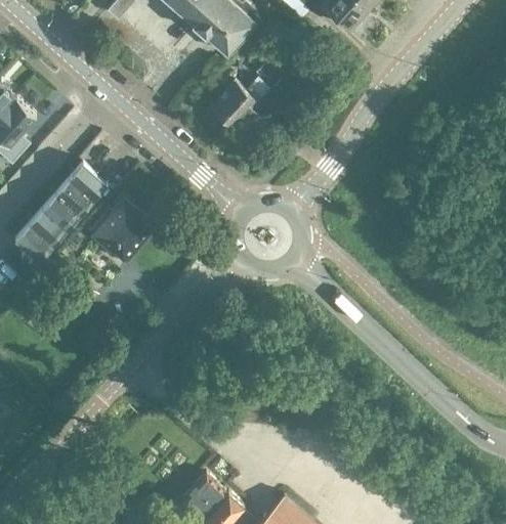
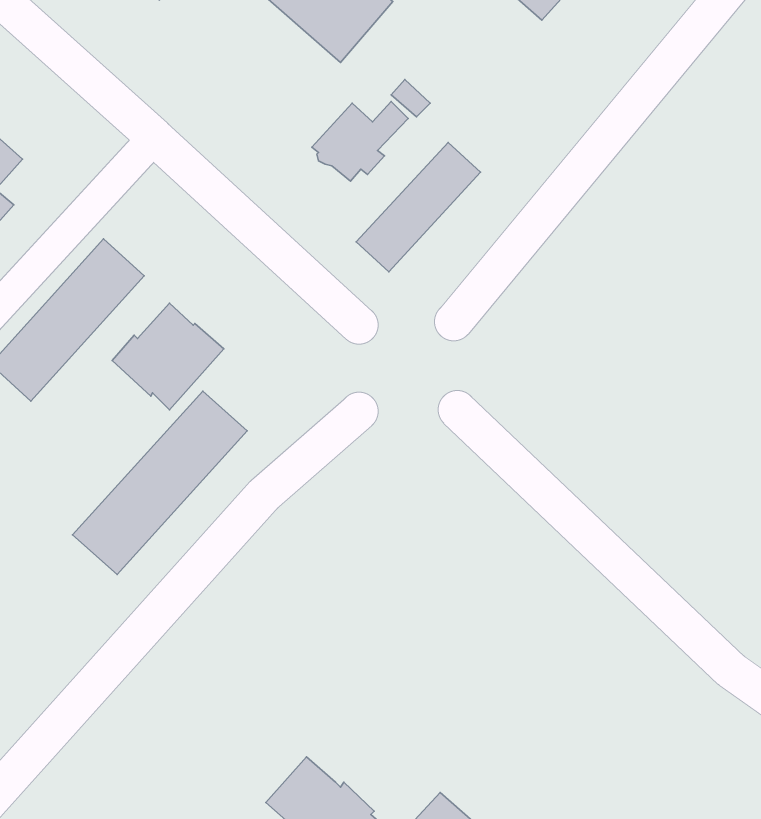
building: none -> [356,142,481,272]
building: none -> [73,391,247,575]

